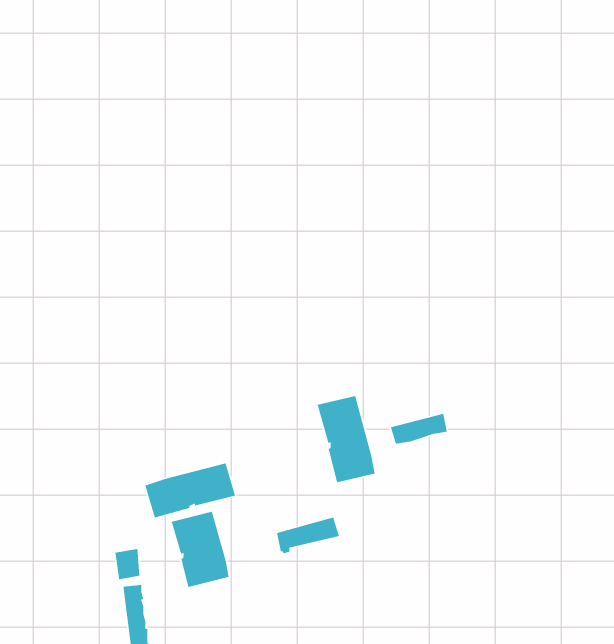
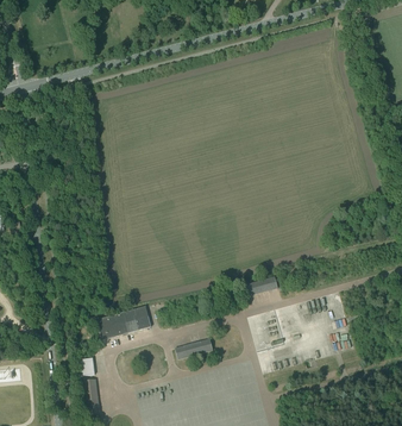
building: [316,395,376,483] -> none
building: [170,511,230,588] -> none

